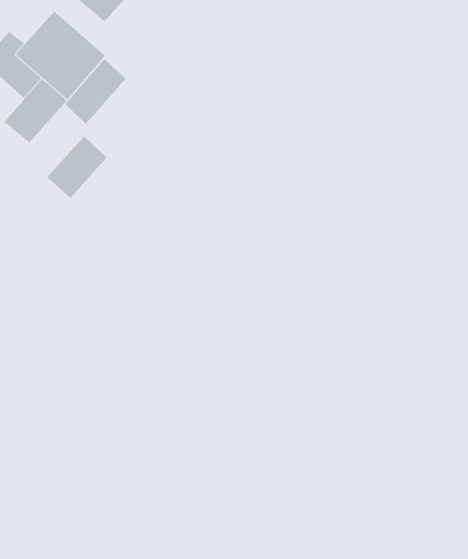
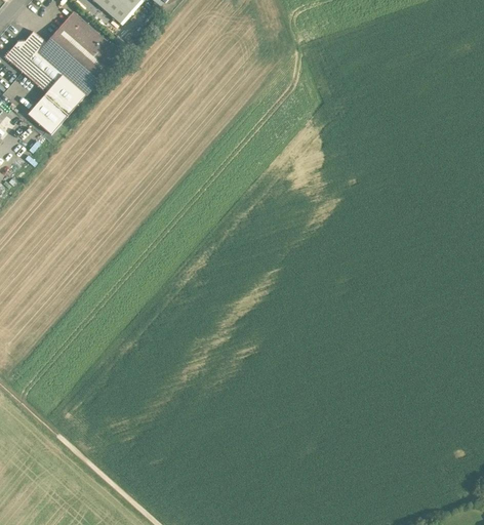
building: [64,58,126,124] -> none
building: [47,136,107,199] -> none

